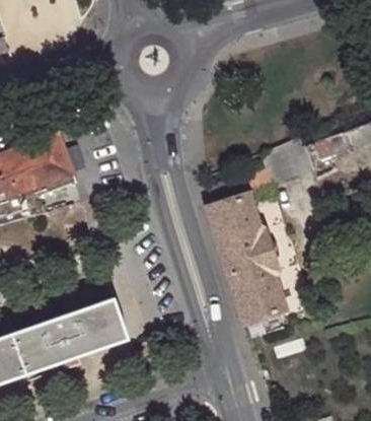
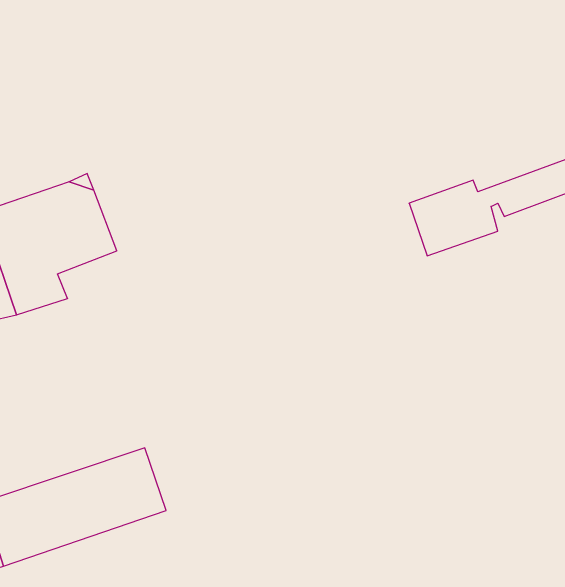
building: [212,177,287,322] -> none

